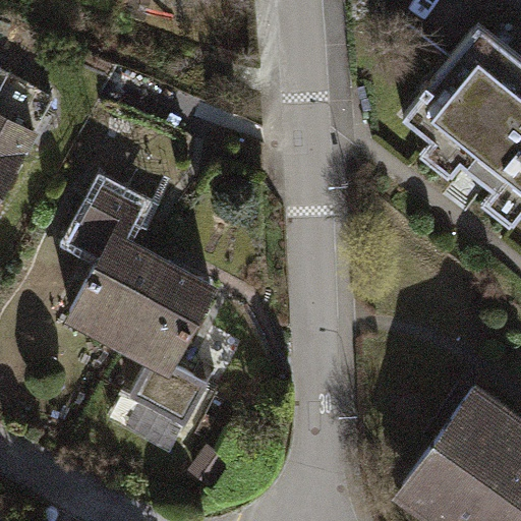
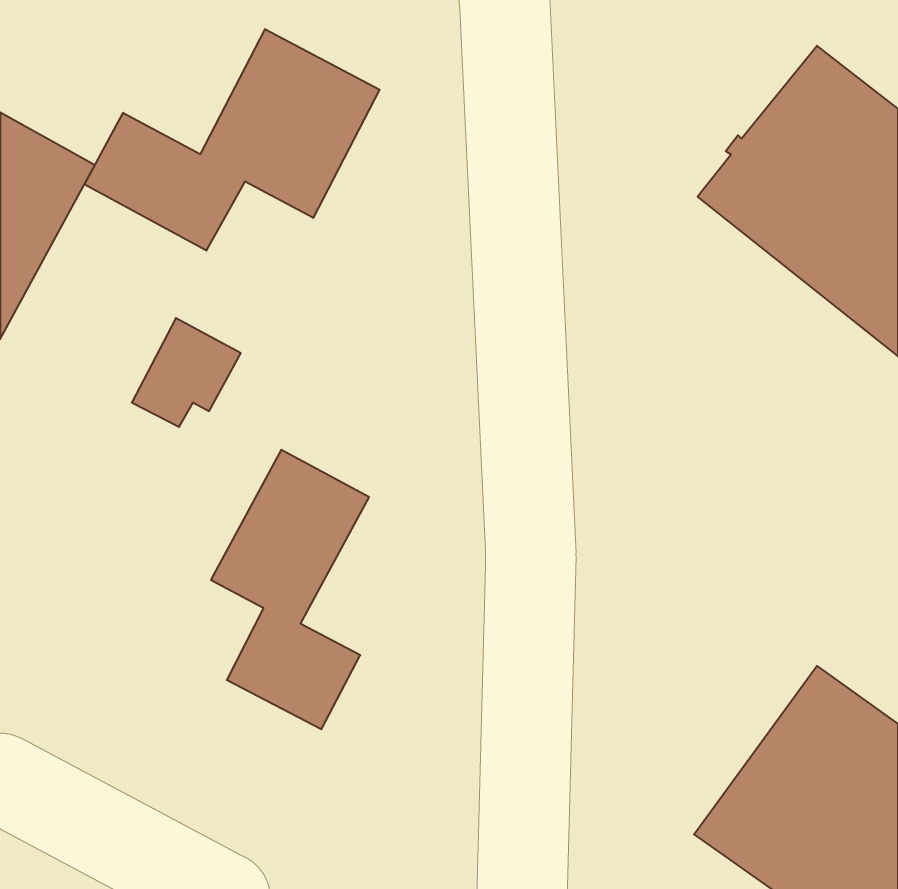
building: none -> [85,29,380,251]
building: [71,238,163,341] -> none

